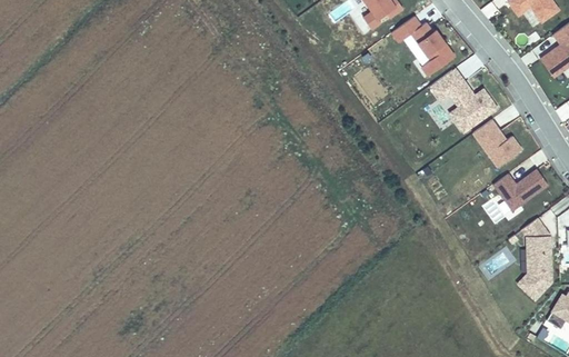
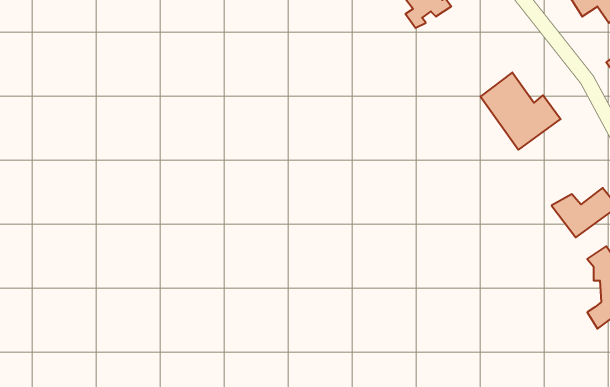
building: [390,16,453,81] -> none
building: [470,118,523,169] -> none

